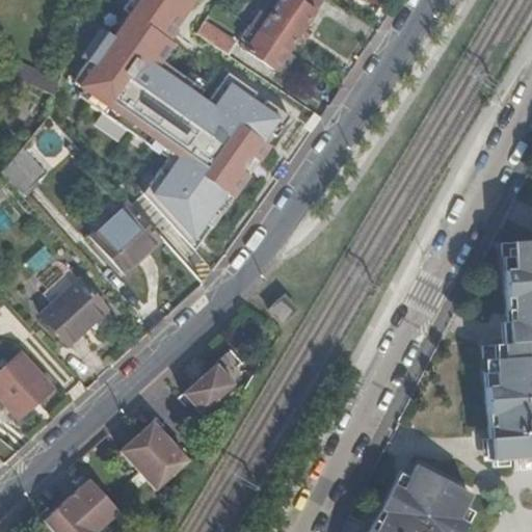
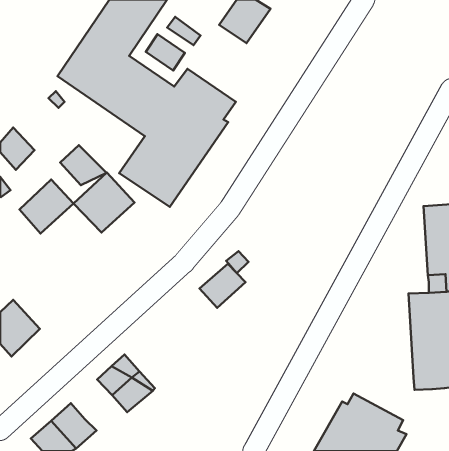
building: [247,29,293,72] -> [146,34,185,70]
building: none -> [60,145,106,185]
building: [39,280,103,343] -> [19,180,73,233]
building: [180,360,234,411] -> [199,264,245,308]

